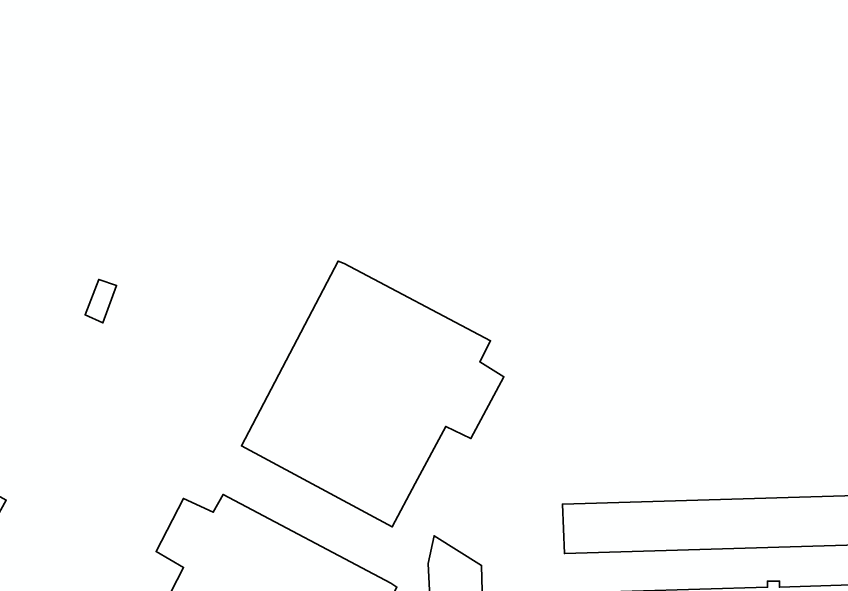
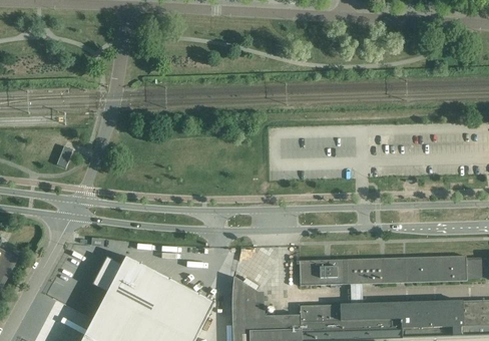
building: [242,261,504,527] -> none

